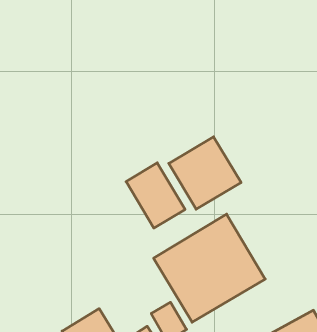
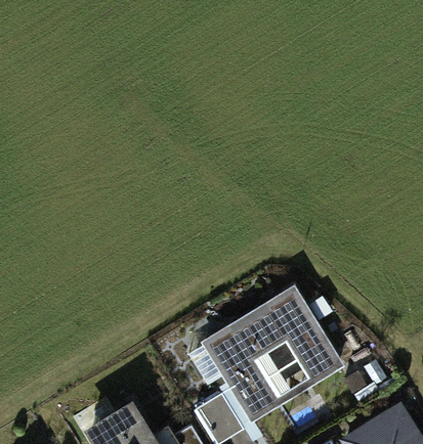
building: [169,137,241,209] -> none
building: [126,163,185,228] -> none

